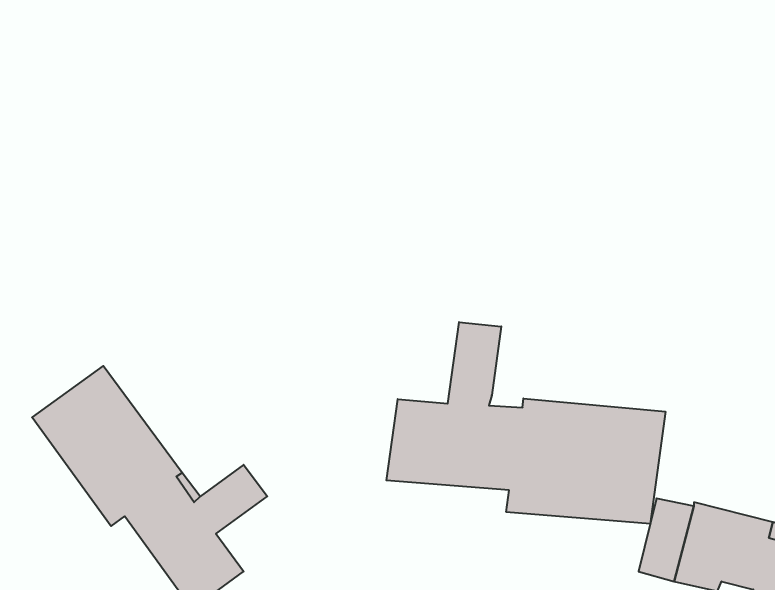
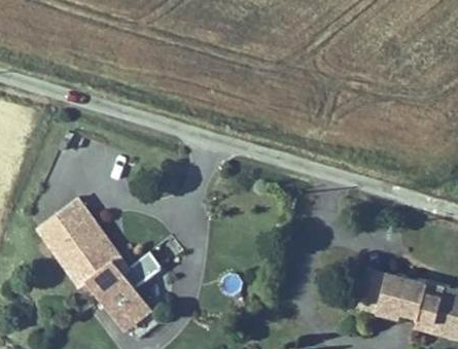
building: [386,322,665,524] -> none

